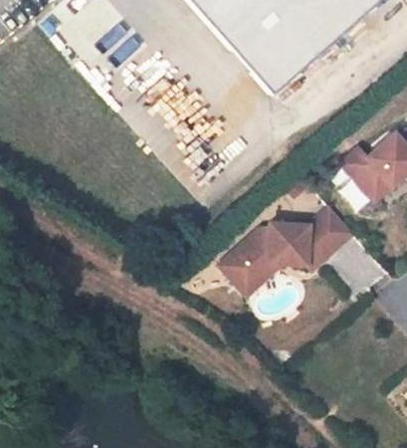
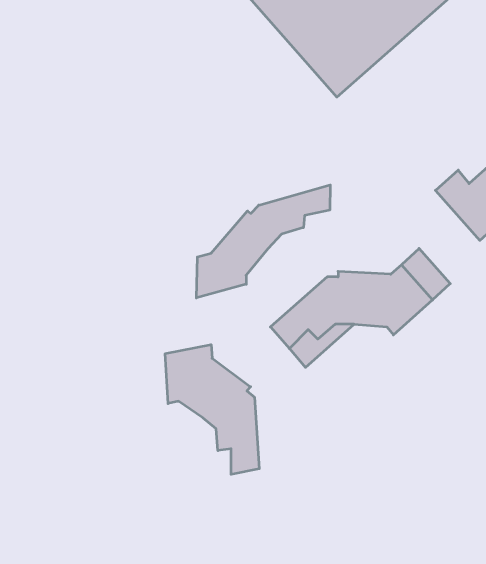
building: none -> [196,185,330,298]
building: none -> [165,345,259,474]

